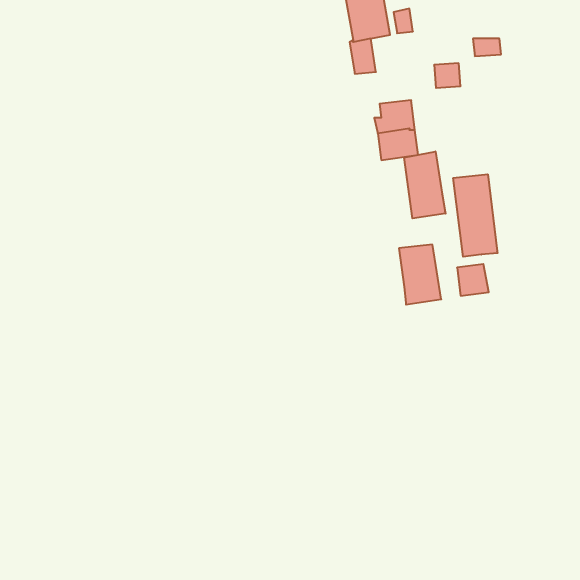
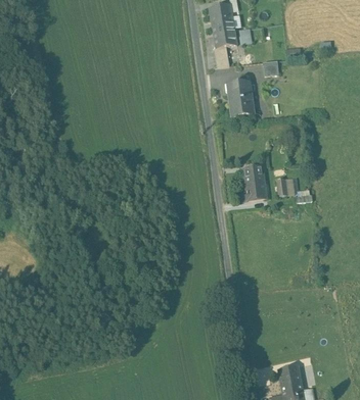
building: [404,151,446,218] -> none
building: [453,174,498,257] -> none

